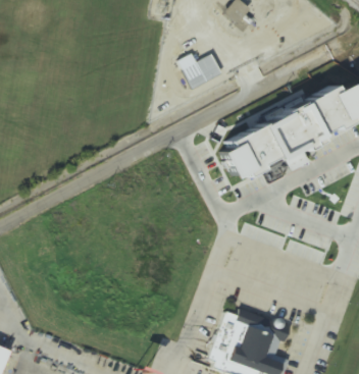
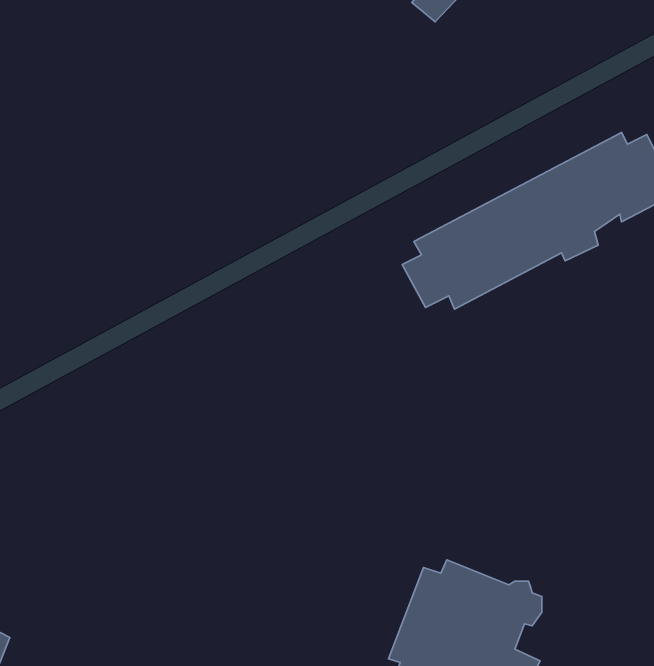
building: [182,57,221,92] -> none

